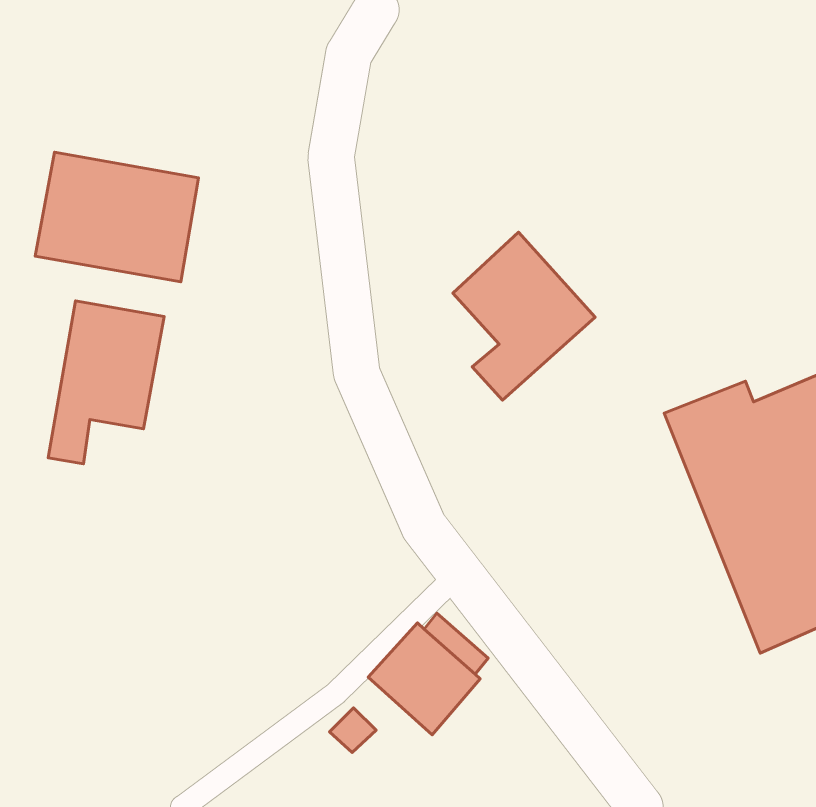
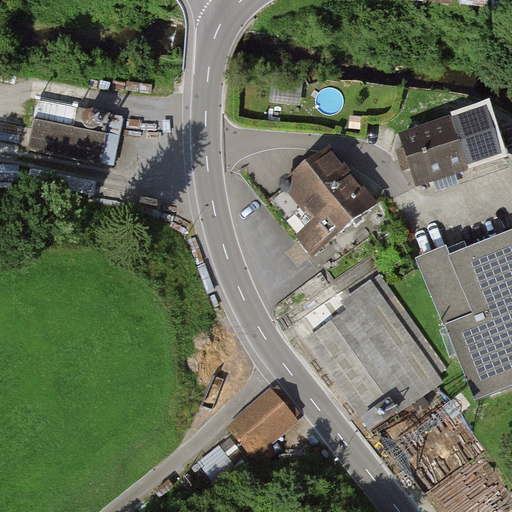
building: none -> [405,107,496,175]
building: [48,301,164,464] -> none
building: none -> [303,276,447,429]

